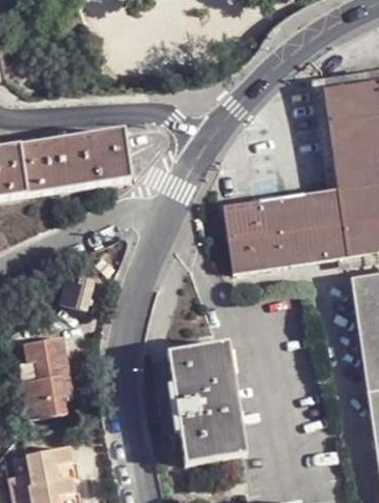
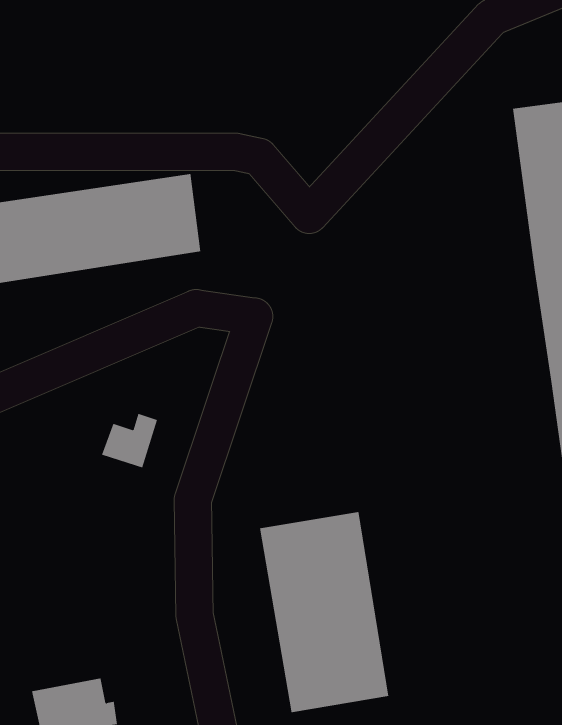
building: [222,189,347,272] -> none
building: [22,337,71,417] -> none

